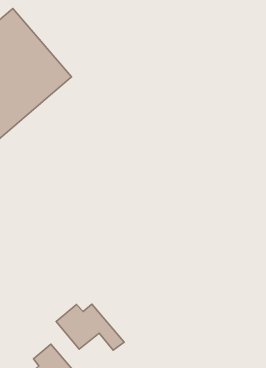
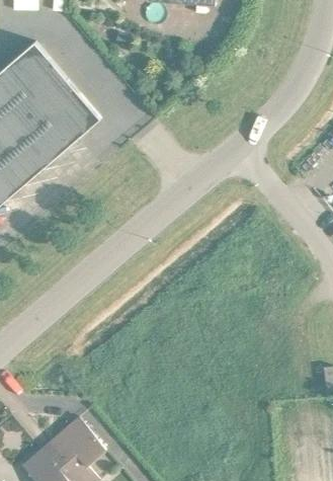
building: [56,304,124,350] -> none

